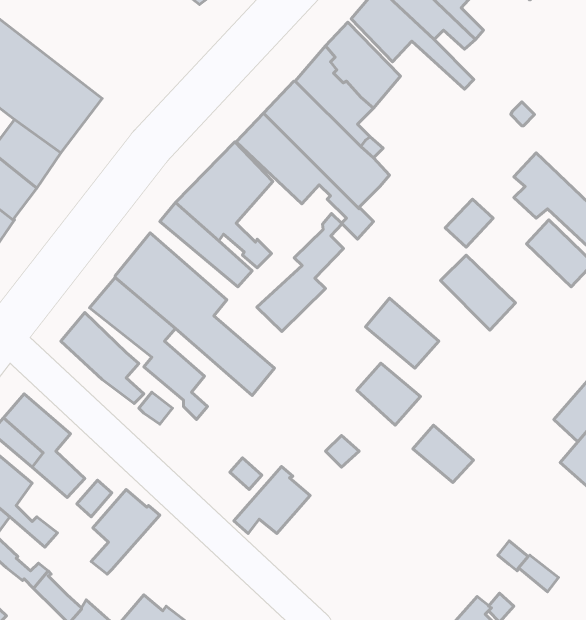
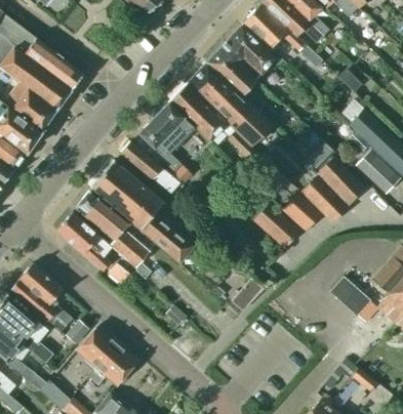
building: [257,214,343,332] -> none
building: none -> [318,158,366,205]
building: [357,363,421,425] -> [282,191,323,231]
building: [413,425,473,482] -> [331,278,370,315]
building: [234,467,310,534] -> [90,341,139,384]

